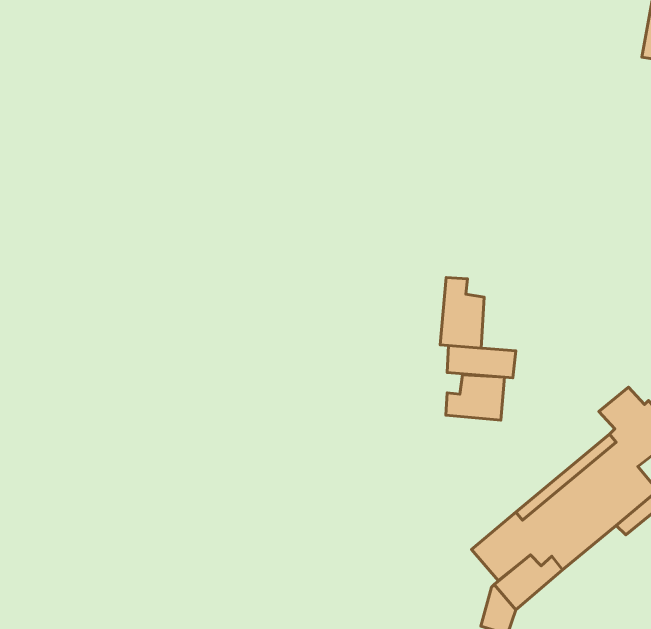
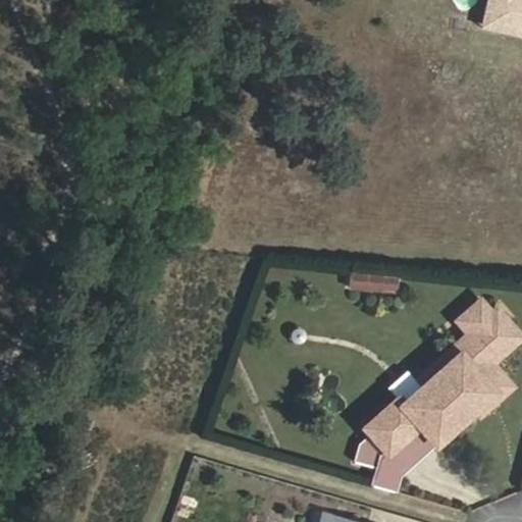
building: [440,277,484,348] -> none
building: [446,375,504,420] -> none

